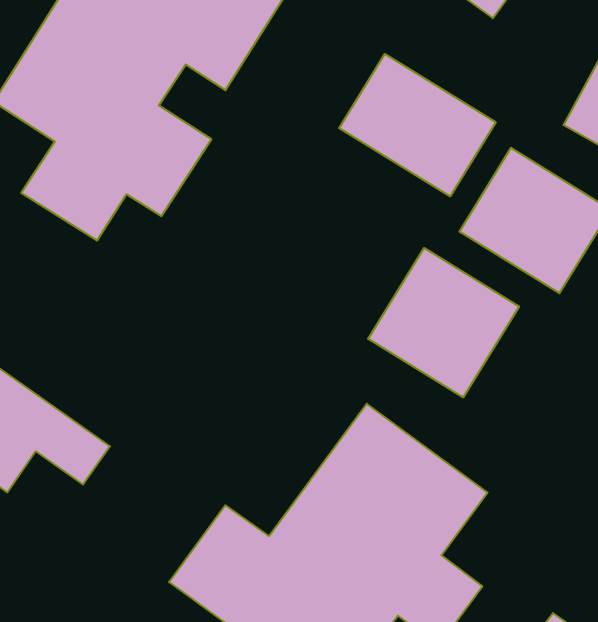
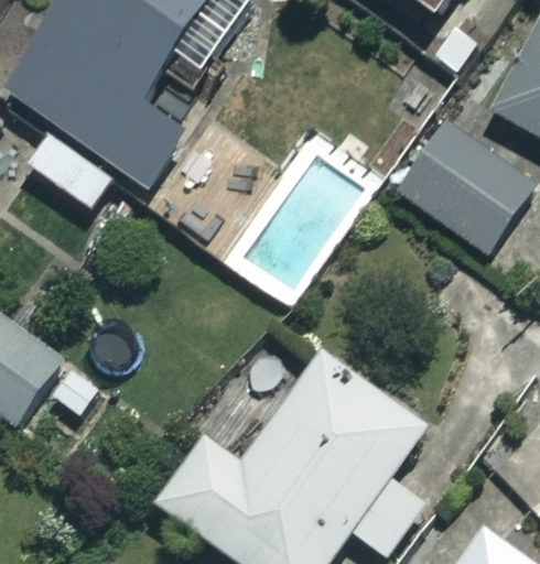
building: [339,54,496,196] -> none
building: [368,248,519,397] -> none

